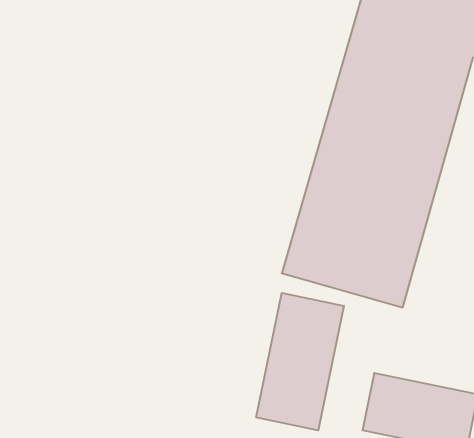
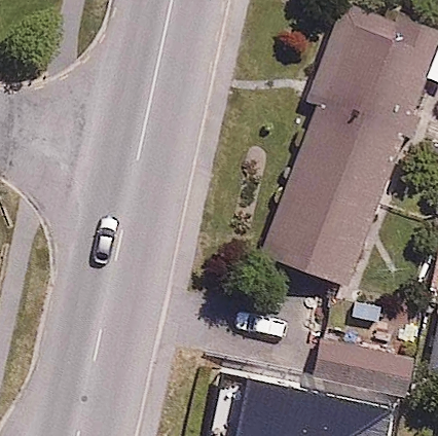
building: [256,293,344,430] -> none

